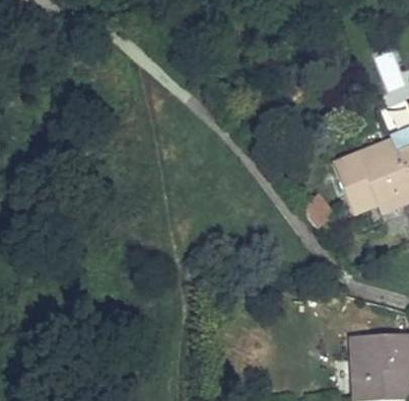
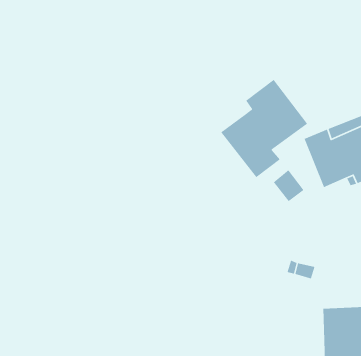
building: none -> [220,79,308,178]

